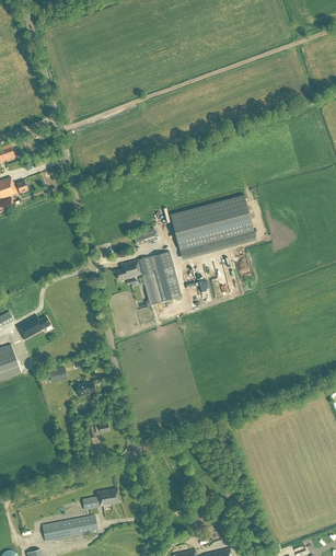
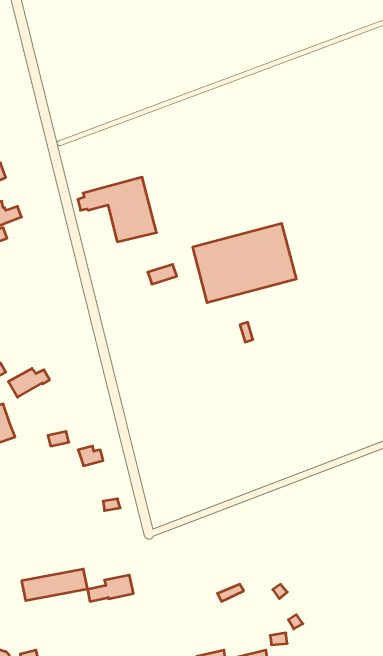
building: [115,252,181,305] -> [78,177,157,242]
building: [42,514,96,541] -> [22,569,87,601]

